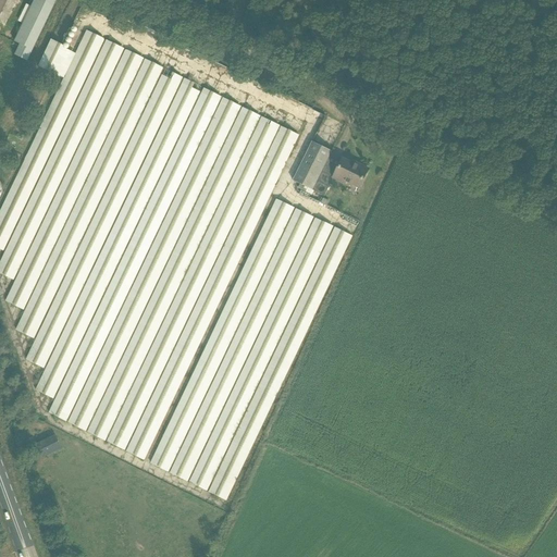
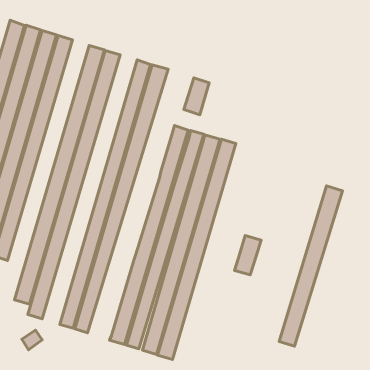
building: [25,67,182,367] -> none
building: [66,96,239,429] -> none
building: [125,125,298,458] -> none
building: [311,158,367,195] -> none
building: none -> [279,186,342,346]
building: none -> [235,235,261,275]

